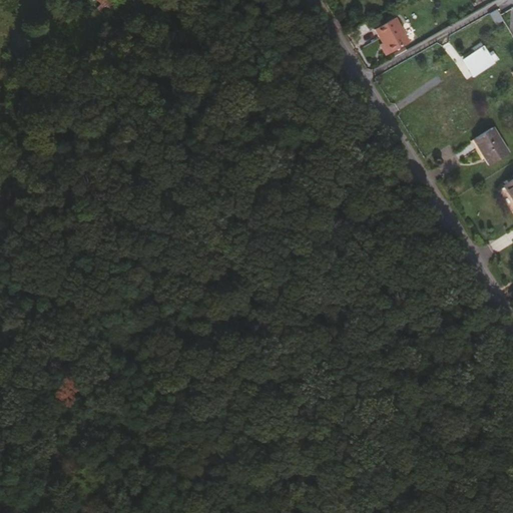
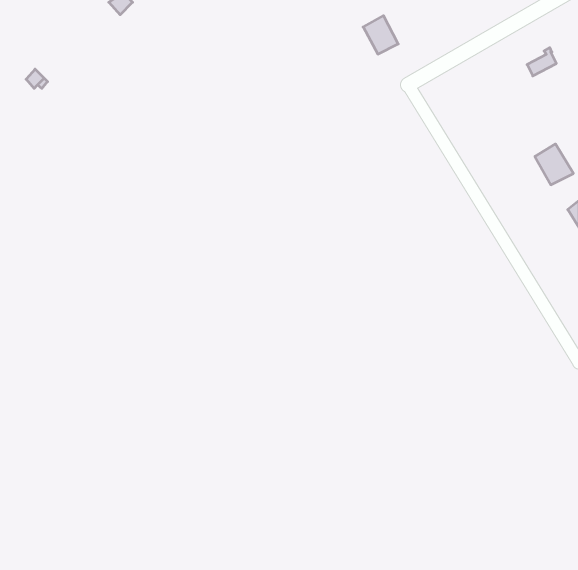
building: [379,21,410,55] -> [363,16,398,54]

